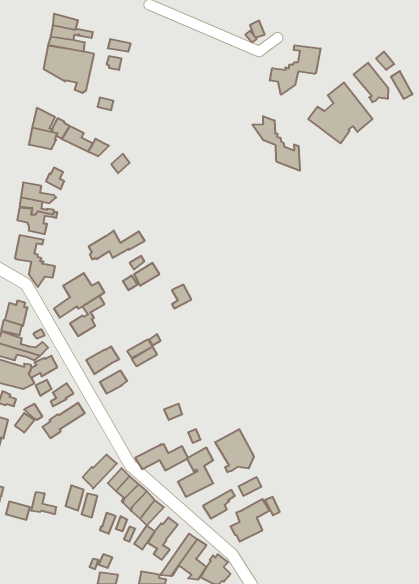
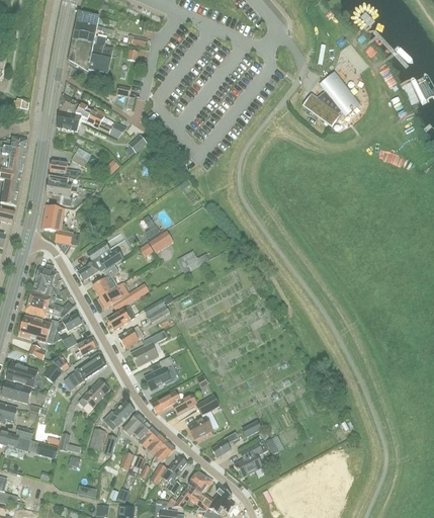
building: [270,45,321,95] -> none
building: [354,63,388,102] -> none
building: [252,116,300,171] -> none
building: [89,230,145,259] -> [99,282,149,308]
building: none -> [131,331,166,366]
building: none -> [144,356,174,392]
building: [215,429,254,472] -> none
building: none -> [77,379,109,407]

